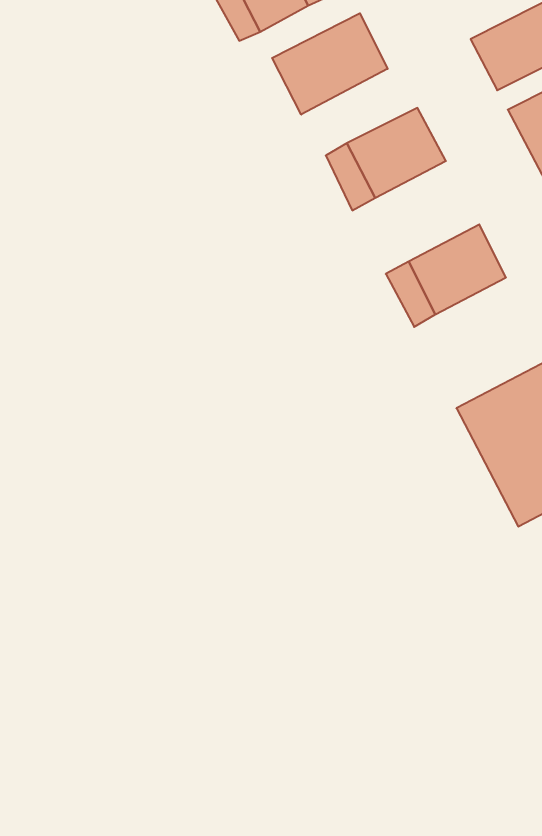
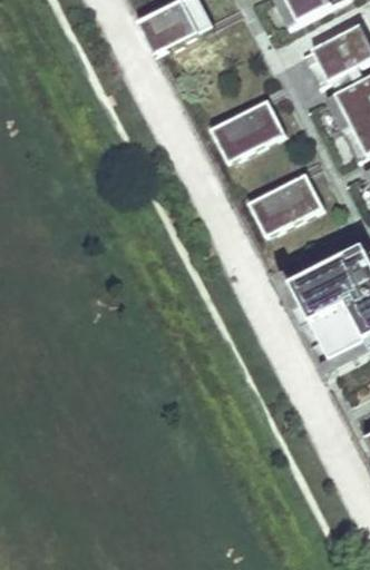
building: [272,13,388,115] -> none

